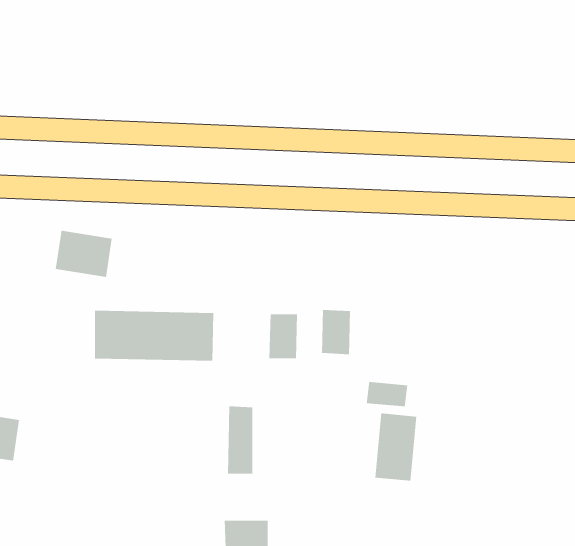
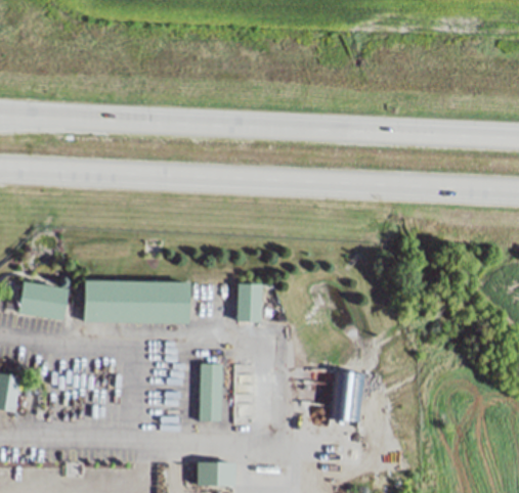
building: [55,230,113,277] -> [18,280,69,321]
building: [321,309,351,355] -> none
building: [366,381,408,407] -> none

